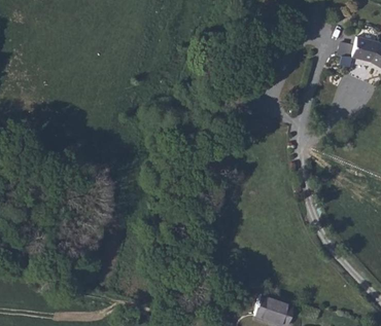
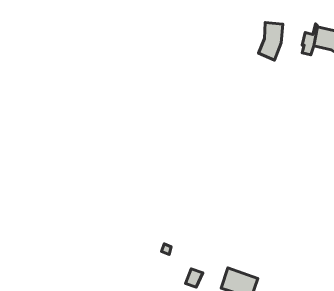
building: none -> [259,22,283,60]

